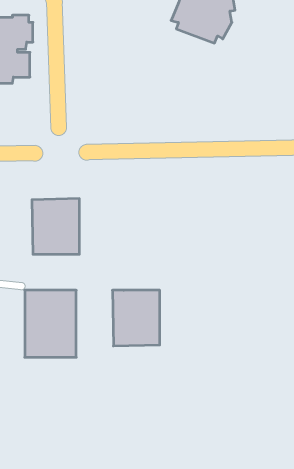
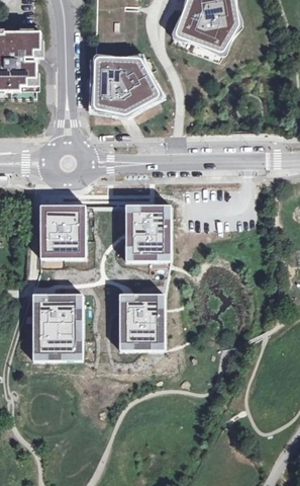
building: none -> [93,56,160,111]
building: none -> [124,205,171,258]

